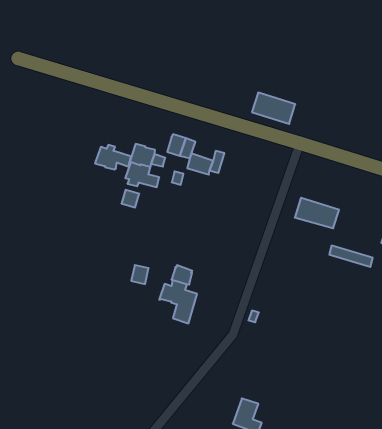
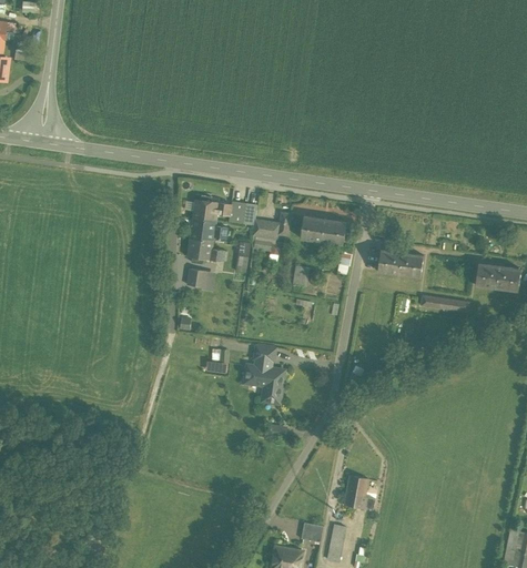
building: [252,93,295,124] -> [301,215,346,244]
building: [95,145,131,170] -> [193,195,231,221]

